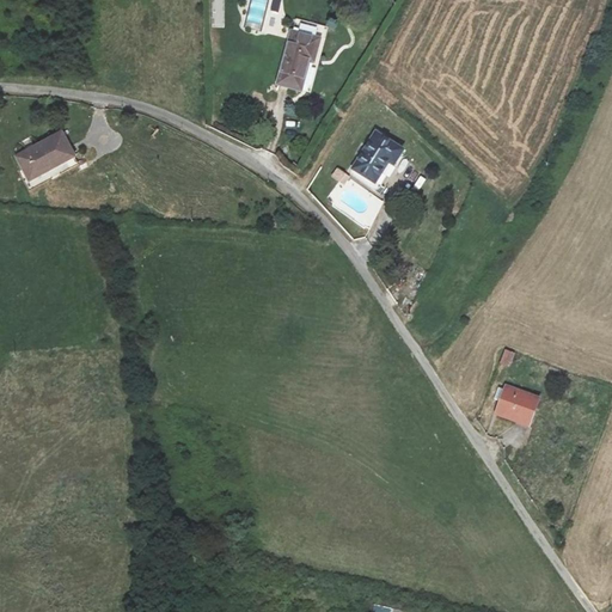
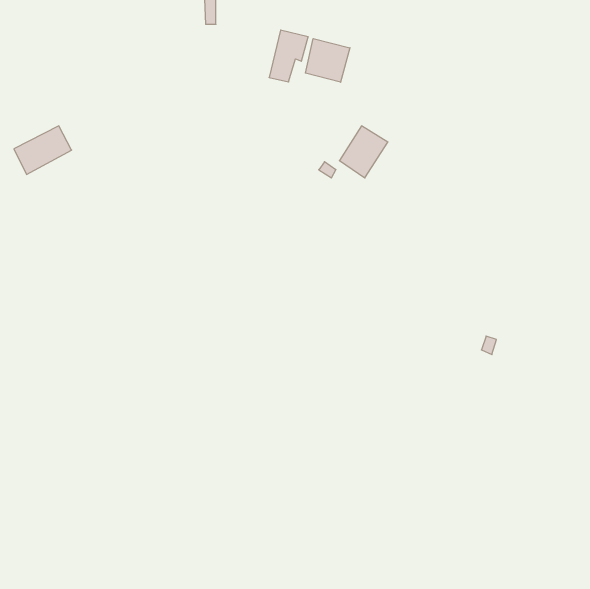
building: none -> [305,39,350,82]
building: [495,382,539,424] -> none

